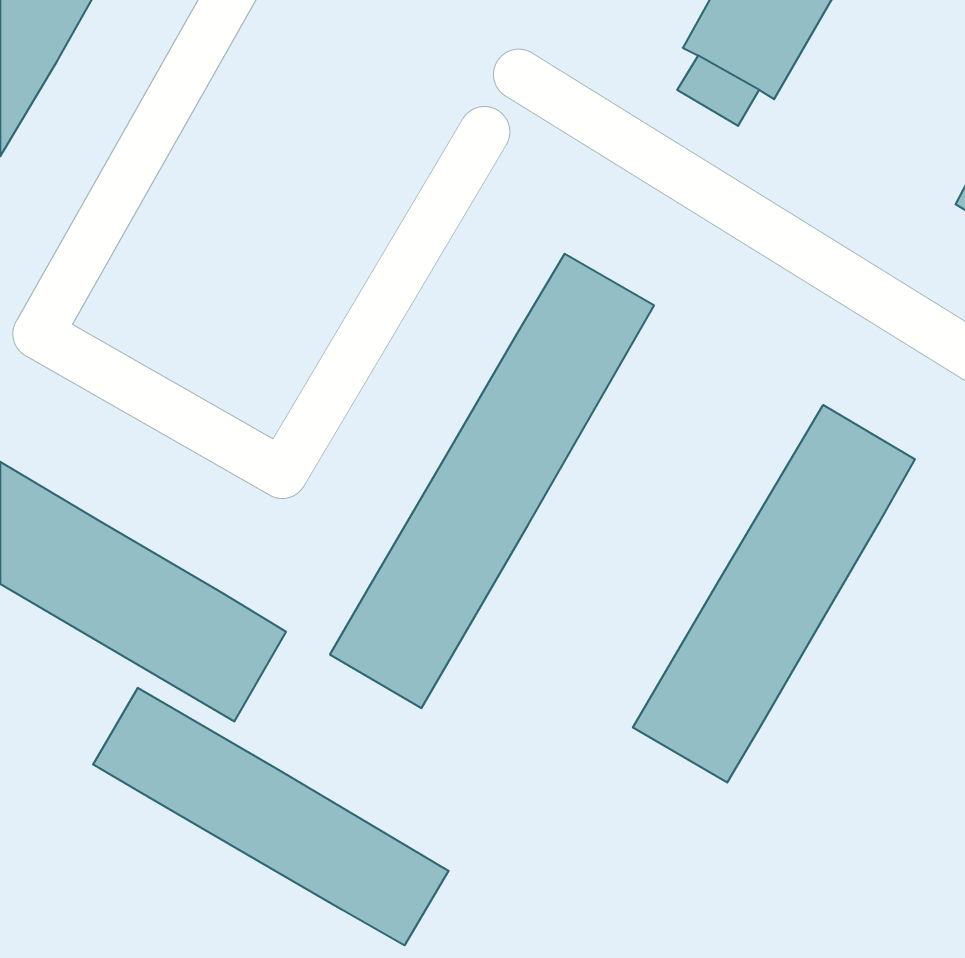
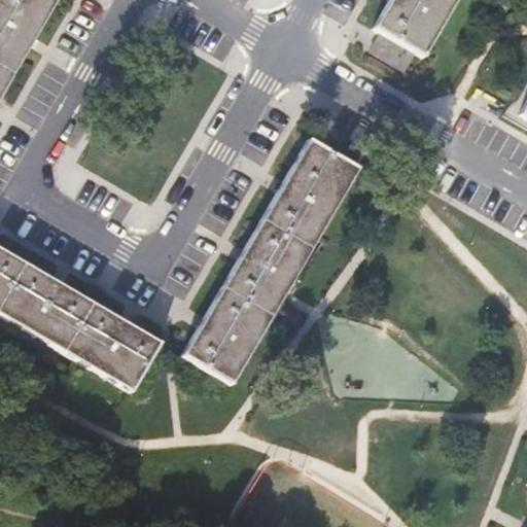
building: [633,405,915,783] -> none
building: [93,688,449,945] -> none

